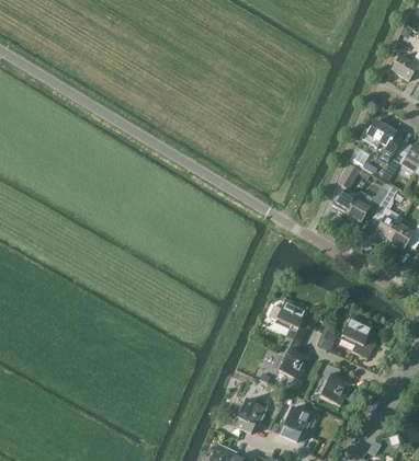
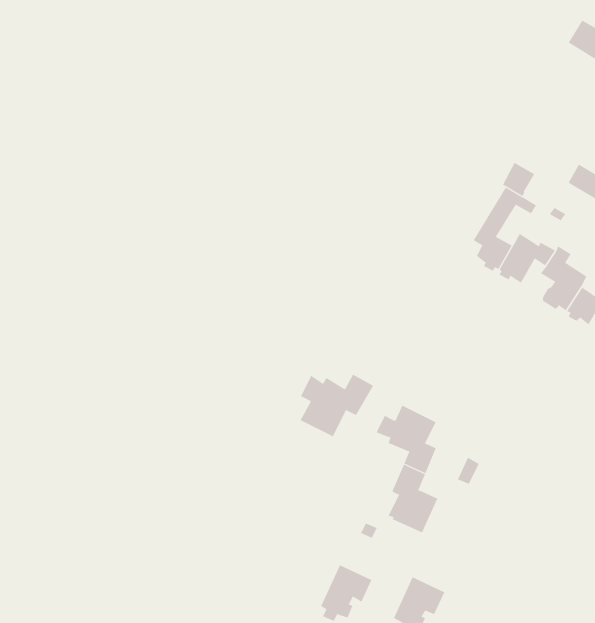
building: [363,119,398,164] -> none
building: none -> [300,374,374,437]
building: [342,315,375,358] -> none
building: [321,364,351,404] -> none

